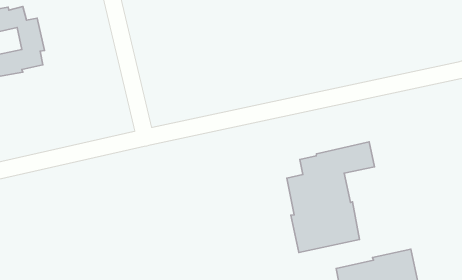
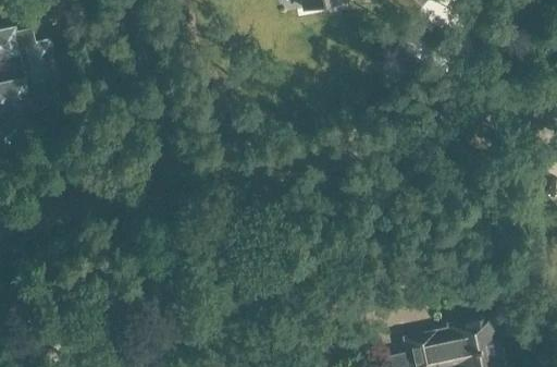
building: [287,142,375,252] -> none

